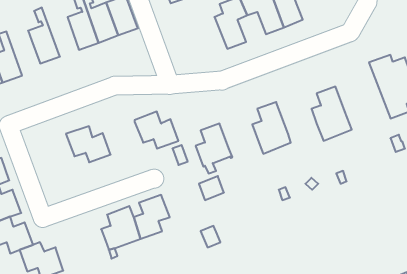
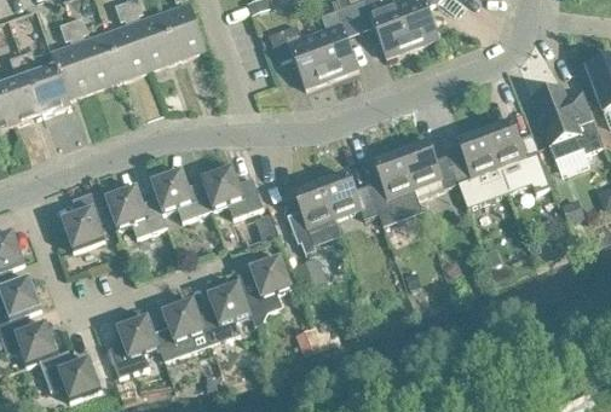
building: none -> [70,16,122,88]
building: none -> [269,24,332,87]
building: none -> [21,50,70,115]
building: none -> [484,121,552,191]
building: none -> [400,141,457,197]
building: none -> [150,169,213,220]
building: none -> [321,172,377,217]
building: none -> [60,188,113,250]
building: none -> [236,255,292,326]
building: none -> [108,315,160,377]

